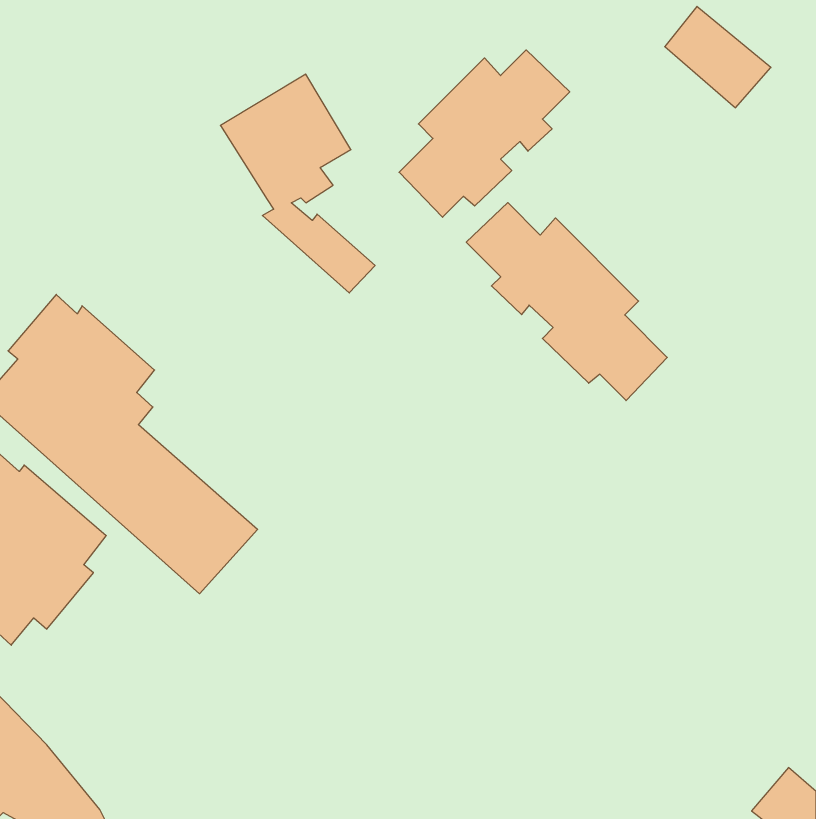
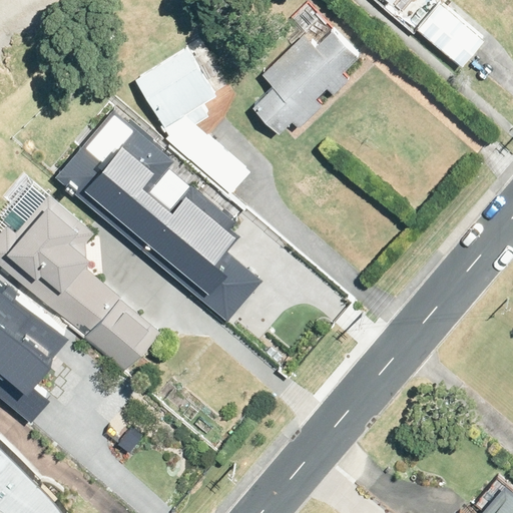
building: none -> [54,111,250,319]
building: [466,203,667,401] -> none

